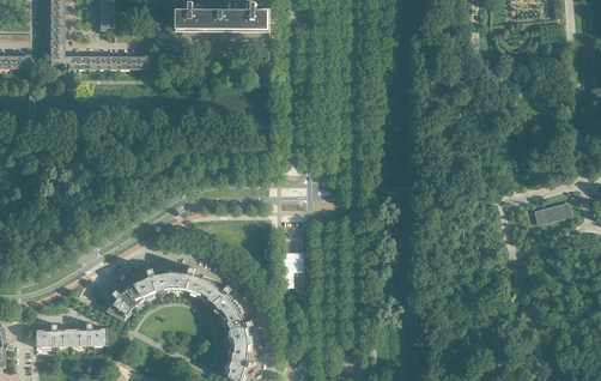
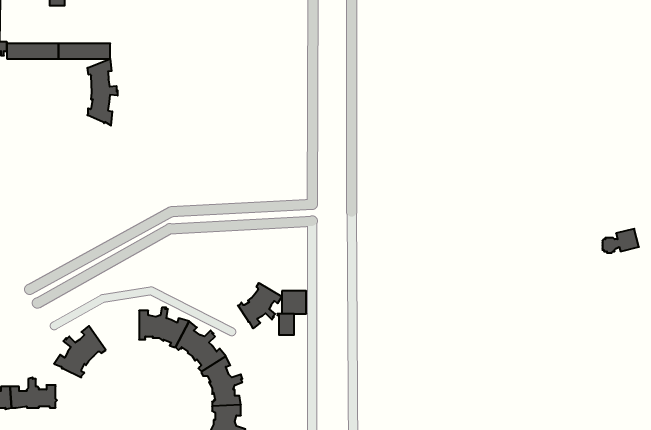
building: none -> [87,59,118,126]
building: none -> [238,283,282,328]
building: [132,267,171,300] -> none

